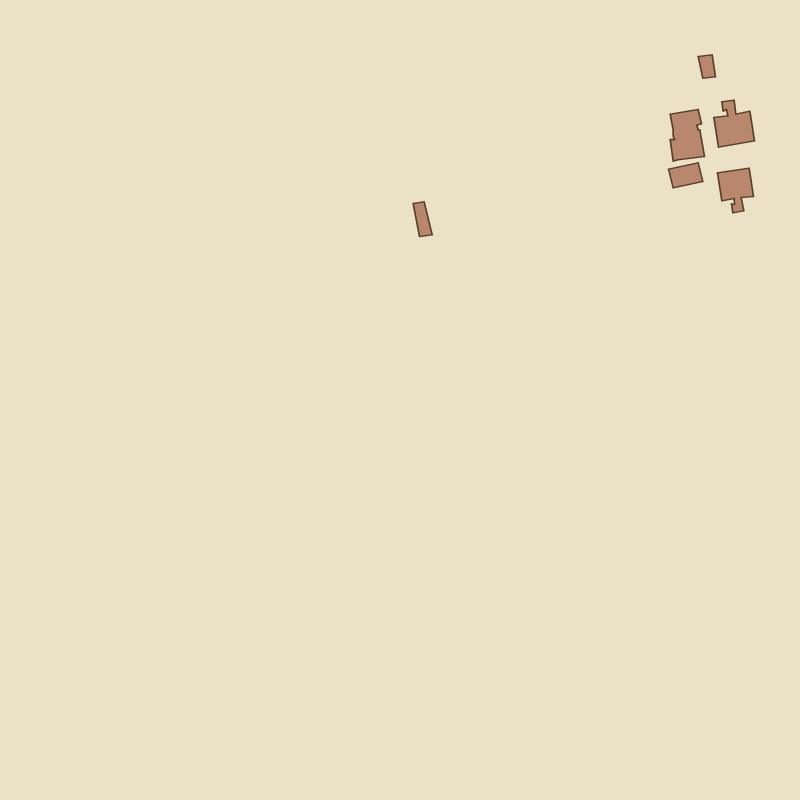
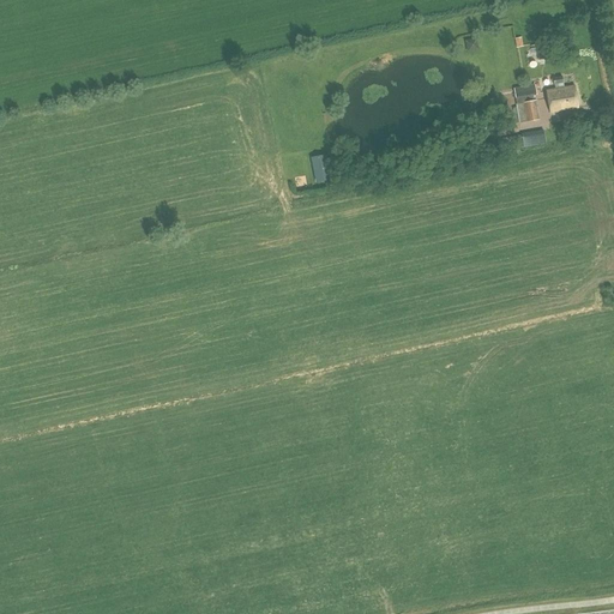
building: [718,168,754,213] -> none

